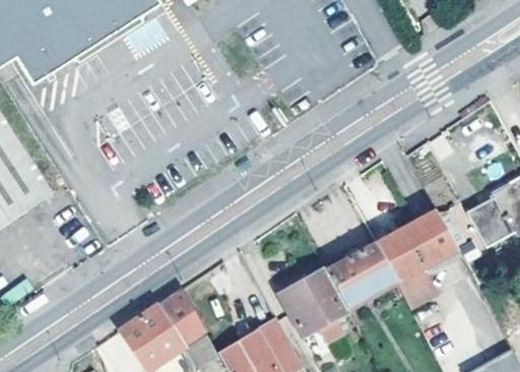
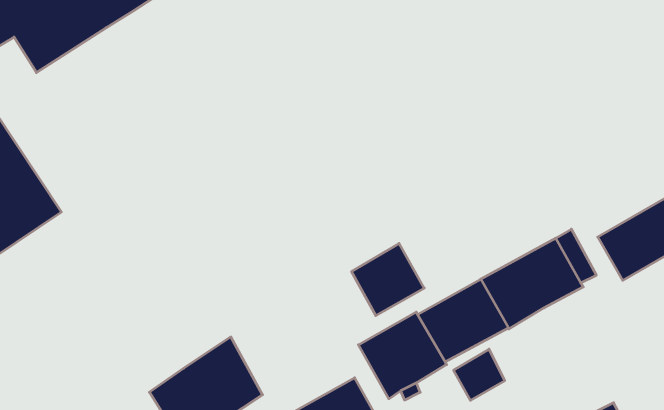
building: none -> [352,243,424,316]
building: [396,266,436,306] -> [454,349,505,400]

